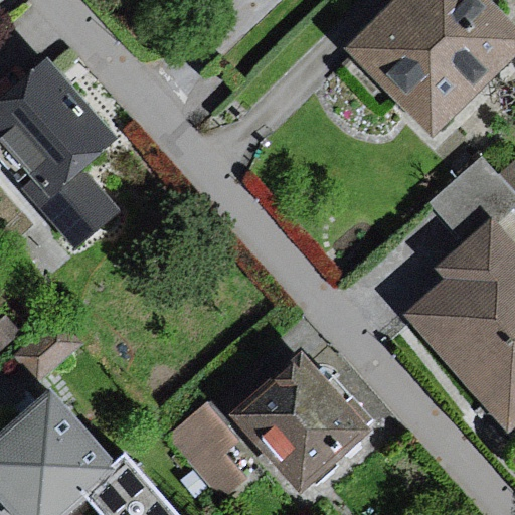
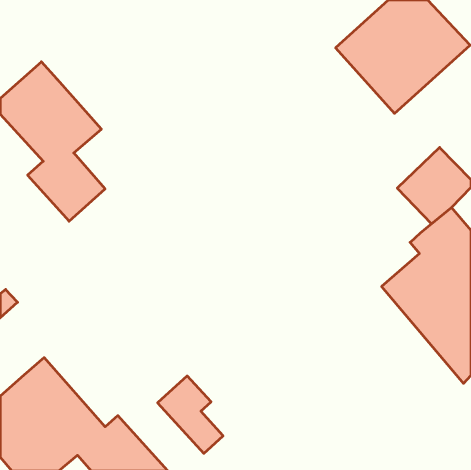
building: [242,358,367,483] -> none

